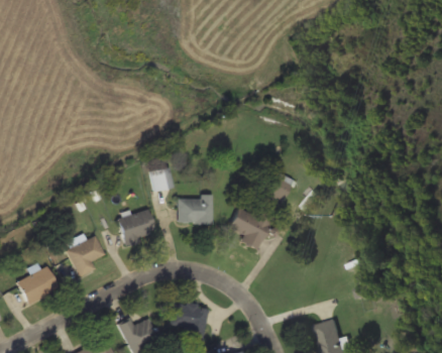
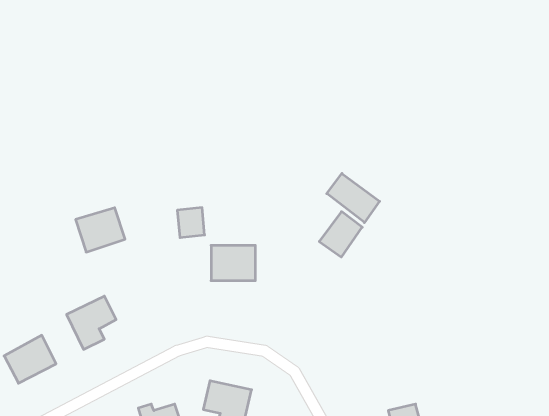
building: none -> [327,173,380,223]
building: [228,207,271,250] -> none
building: [117,210,155,244] -> [76,208,125,252]

